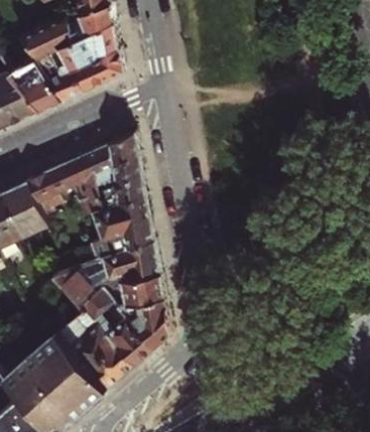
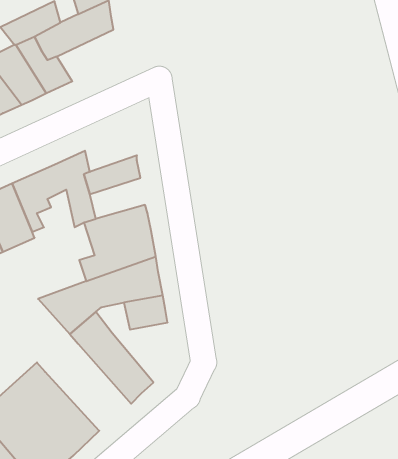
building: [67,48,120,93] -> none
building: [91,134,135,170] -> none
building: [95,175,142,210] -> none
building: [114,299,167,350] -> none
building: [56,317,130,392] -> none

